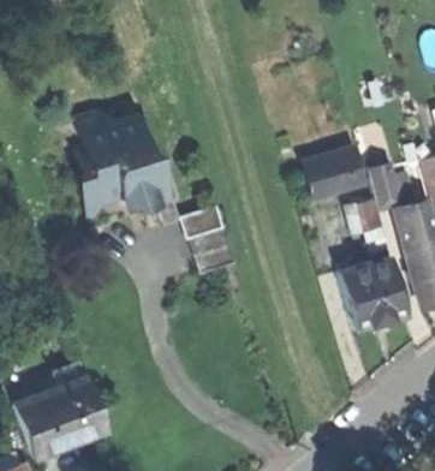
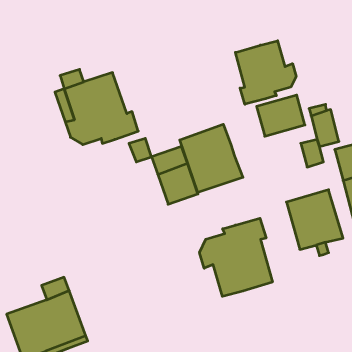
building: none -> [235,41,296,104]
building: none -> [180,124,243,193]
building: none -> [200,218,272,296]

